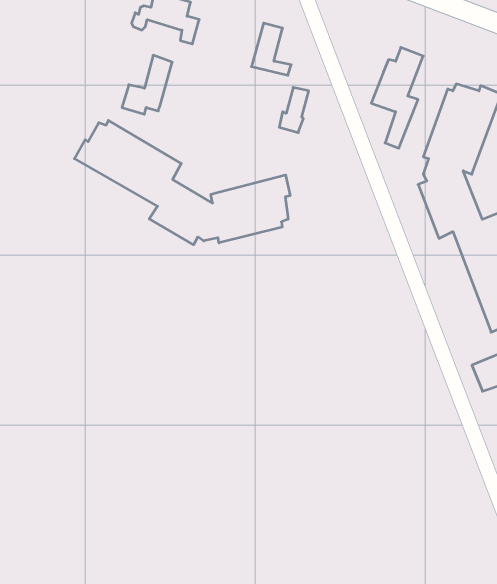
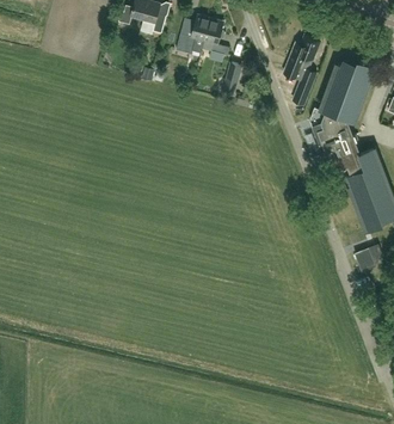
building: [122,55,172,114] -> [176,13,210,54]
building: [74,120,290,245] -> none

